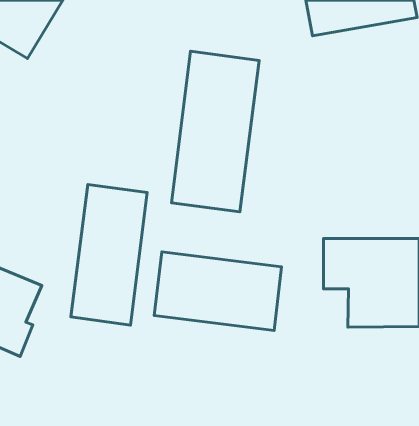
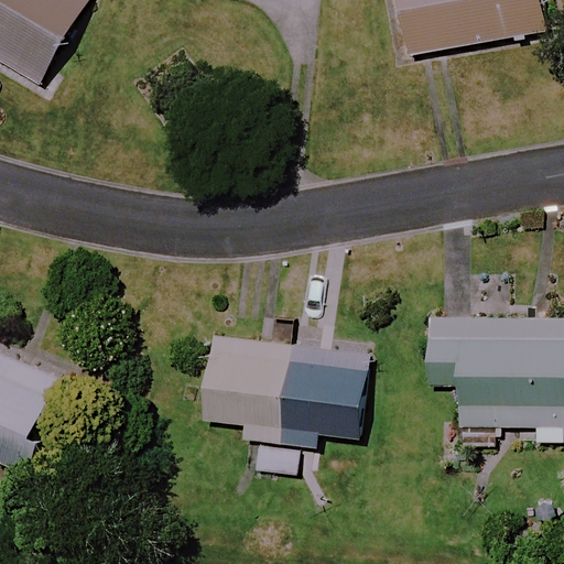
building: [171,51,259,212] -> none
building: [71,184,147,325] -> none

